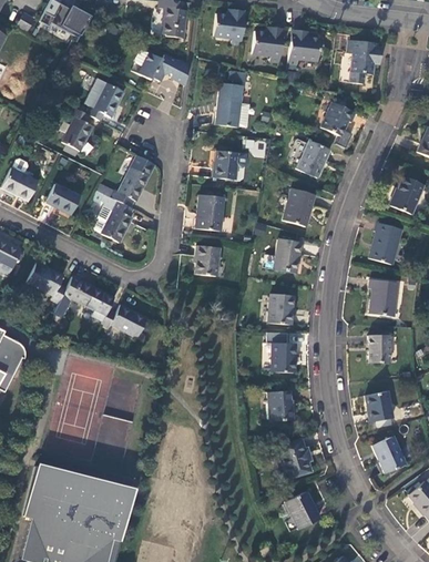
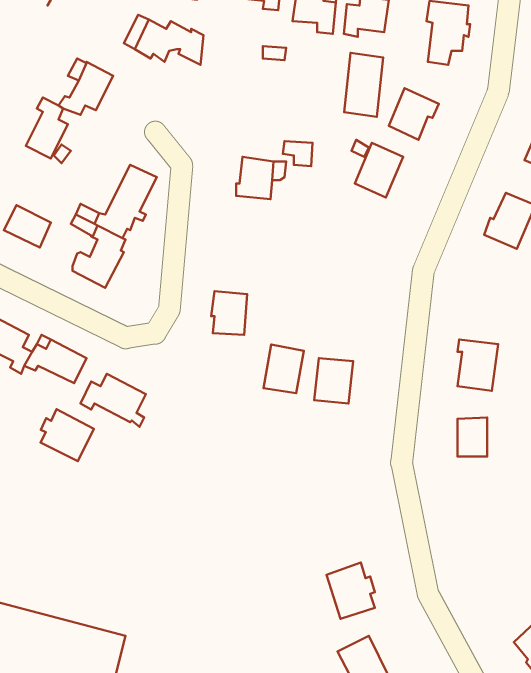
building: [215,82,243,127] -> [344,53,383,117]
building: [282,187,315,227] -> none
building: [195,194,224,231] -> none
building: [368,222,402,264] -> none
building: [273,238,302,273] -> [263,345,304,393]
building: none -> [41,409,94,461]
building: [272,343,296,372] -> none
building: [267,389,294,422] -> none
building: [365,391,392,421] -> none
building: [372,436,406,473] -> none

